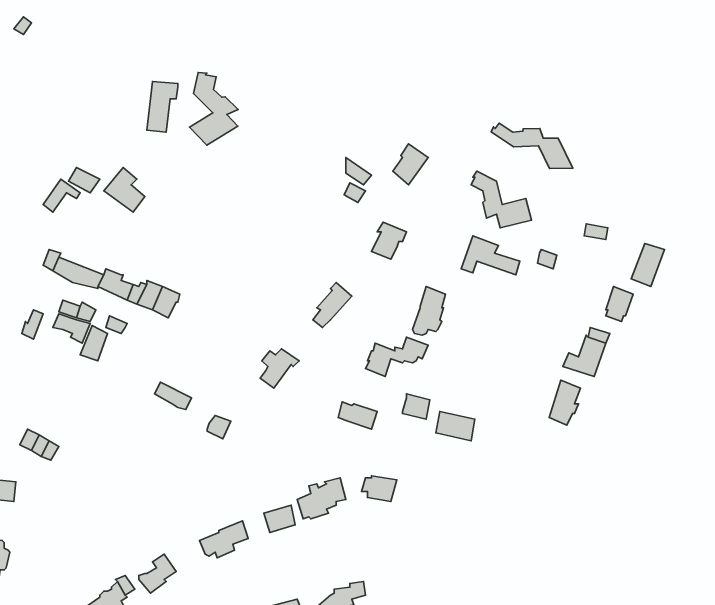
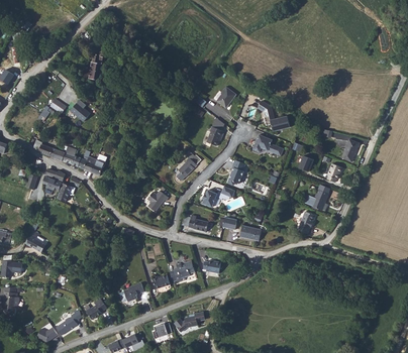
building: [189,73,238,145] -> none
building: [491,123,573,168] -> none

